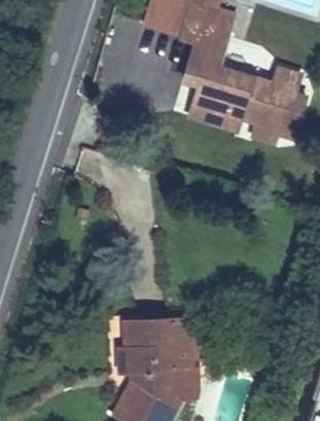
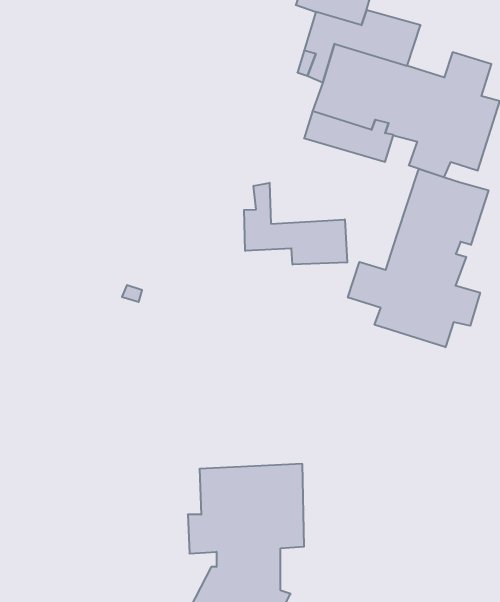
building: none -> [348,169,488,347]
building: none -> [244,183,347,265]

